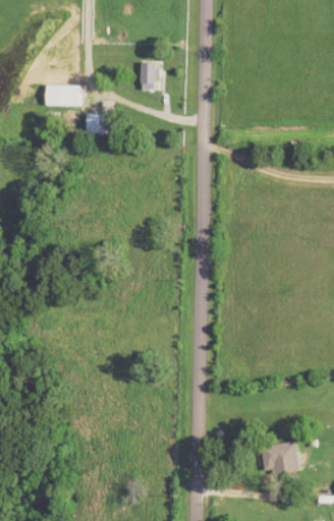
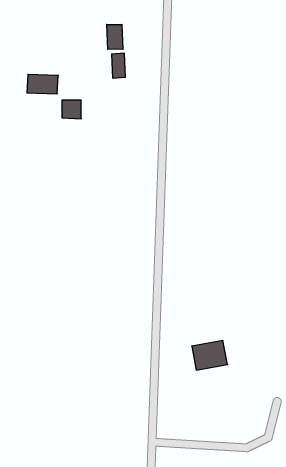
building: none -> [107,24,123,49]
building: [261,442,300,474] -> [192,341,228,370]

